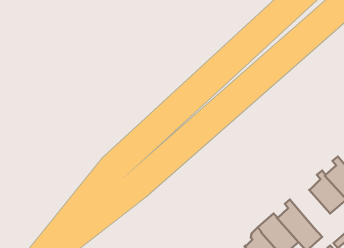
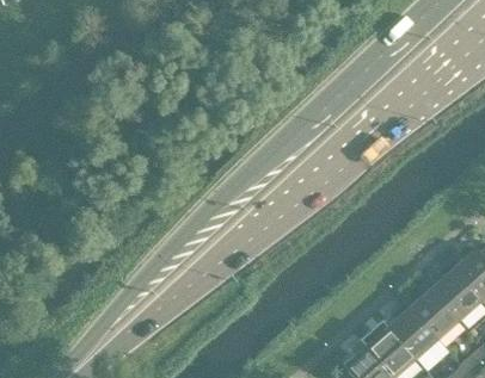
building: none -> [410,283,460,341]

